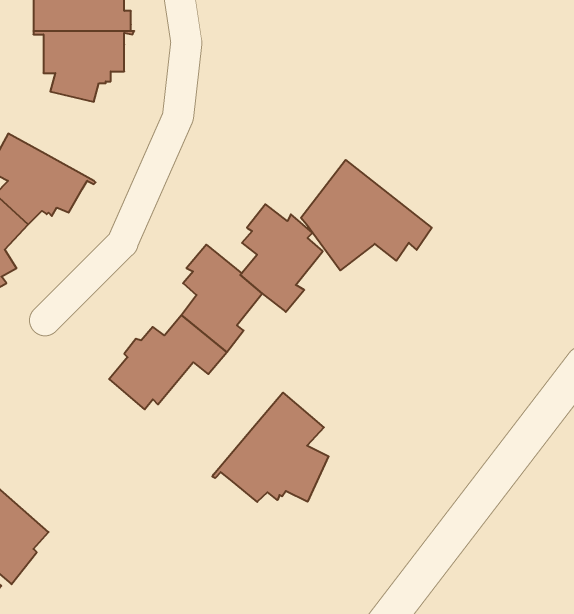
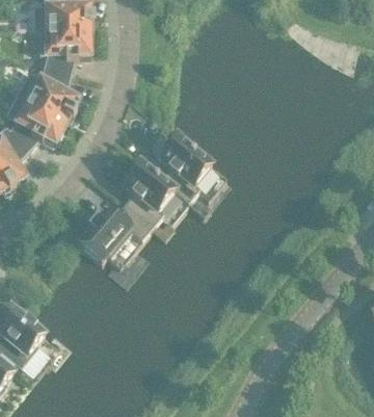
building: none -> [18,67,78,122]
building: [301,160,432,270] -> none
building: [212,393,329,502] -> none

